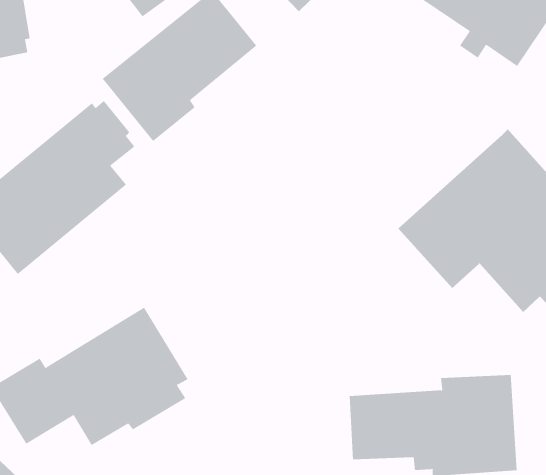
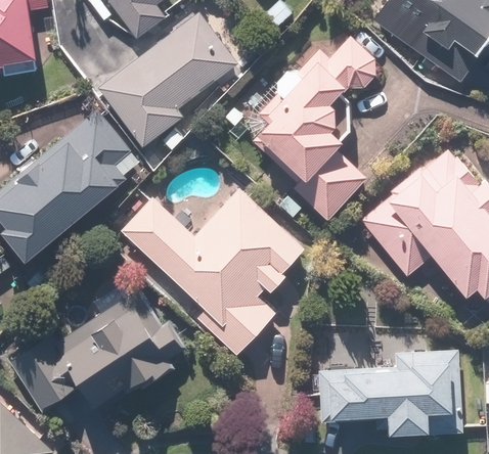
building: none -> [252,36,379,217]
building: none -> [122,190,306,357]

